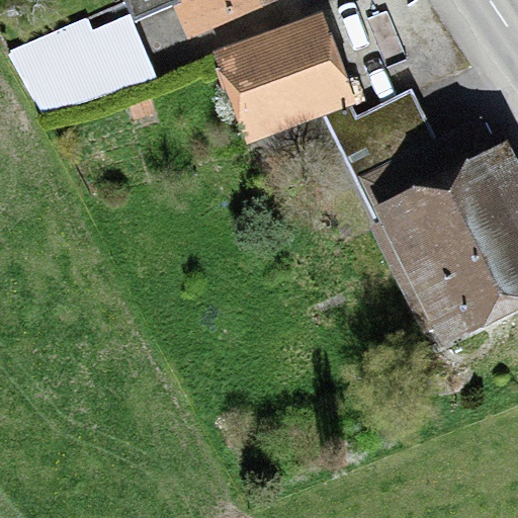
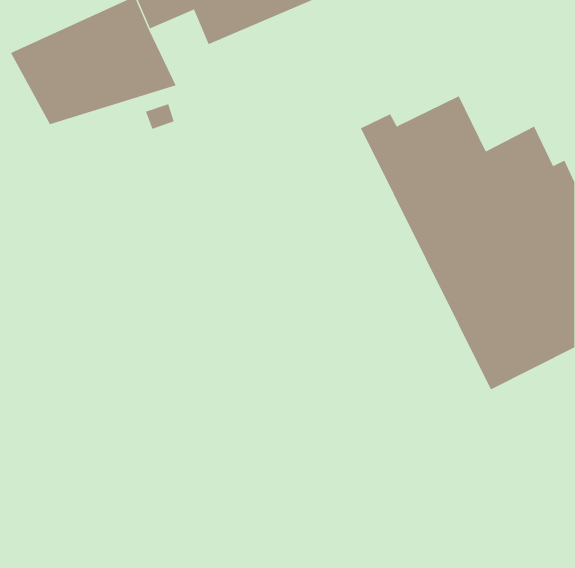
building: [211,10,355,144] -> none

